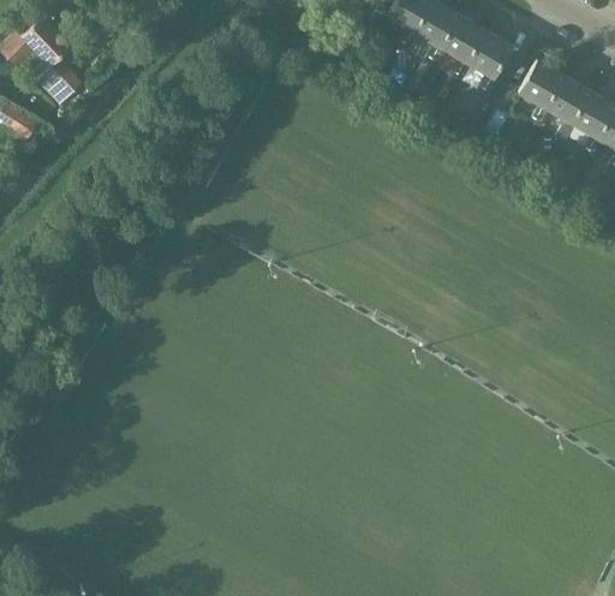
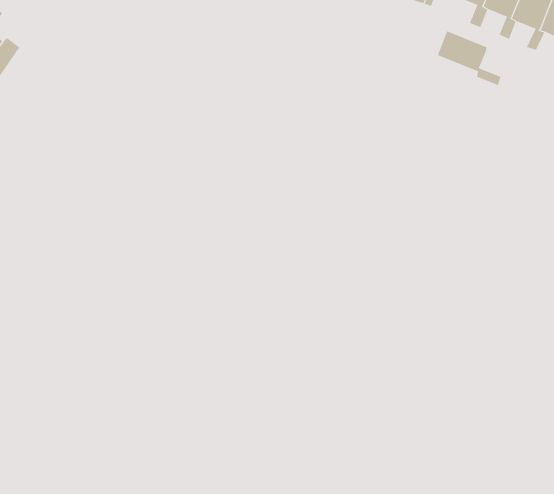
building: none -> [437,30,501,86]

